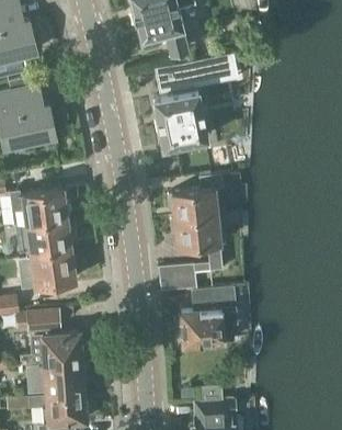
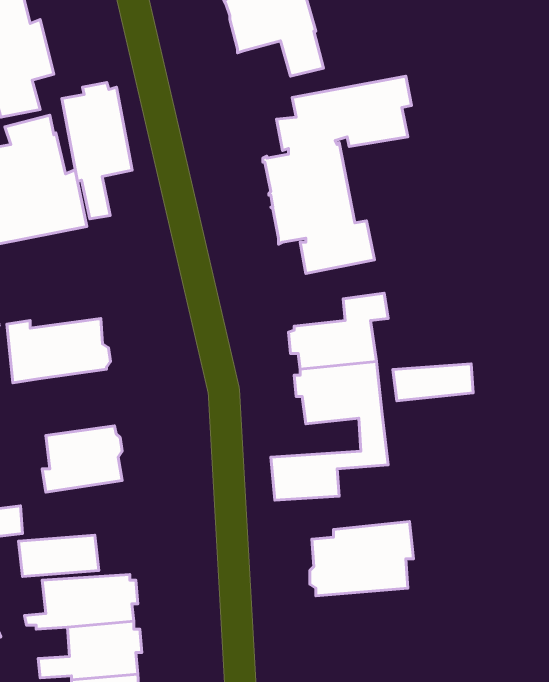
building: none -> [62,82,132,219]
building: [13,217,71,254] -> none
building: [191,286,236,307] -> [393,364,473,401]

